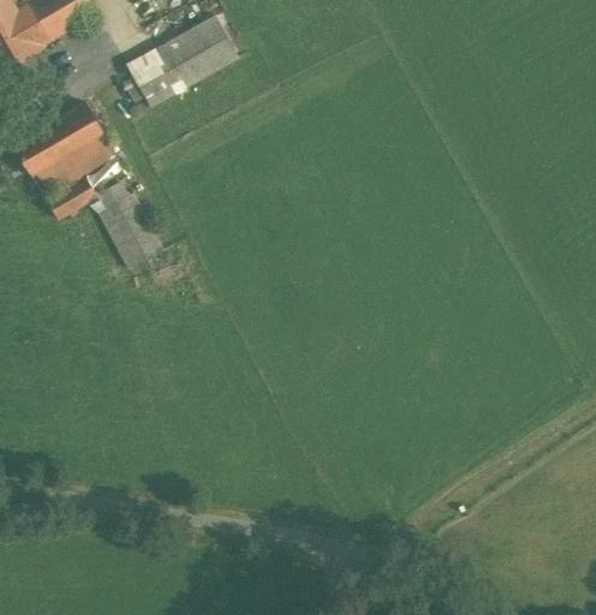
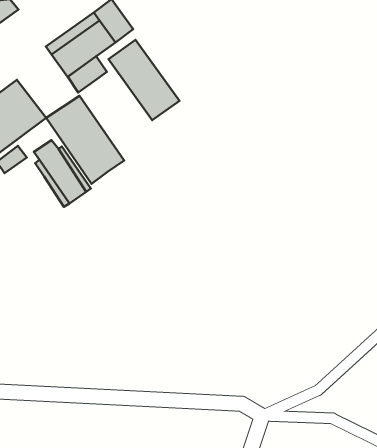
building: none -> [108,40,179,120]
building: none -> [68,56,107,92]
building: none -> [46,96,124,184]

